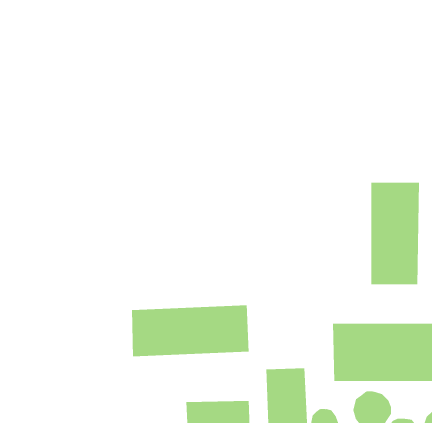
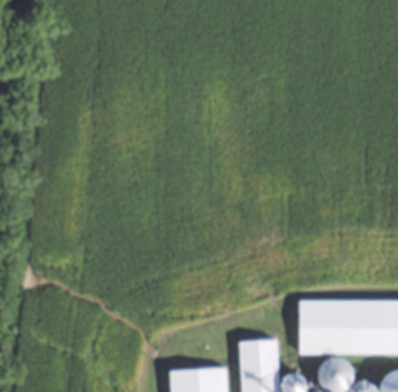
building: [371,182,419,285] -> none
building: [132,304,249,357] -> none

